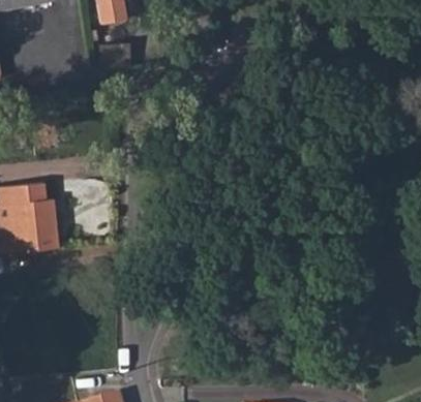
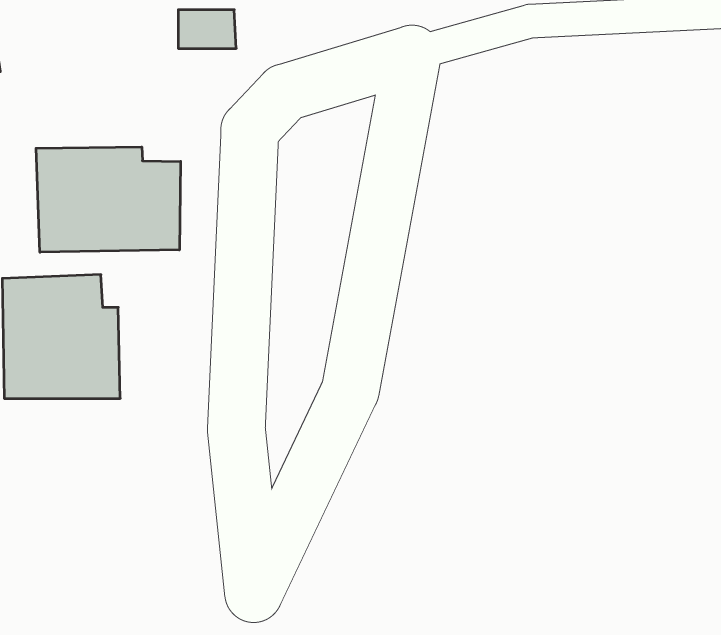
building: none -> [36,147,181,252]

